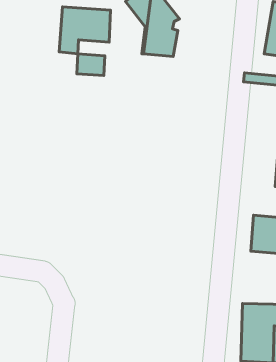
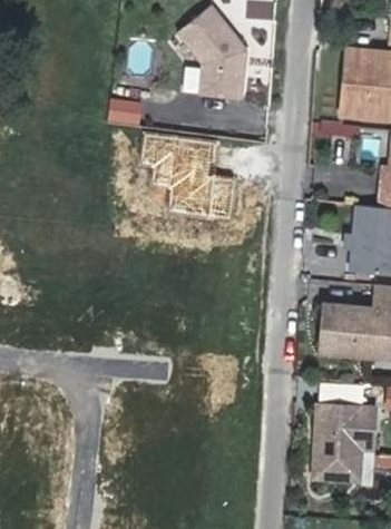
building: [59,7,111,54] -> none

